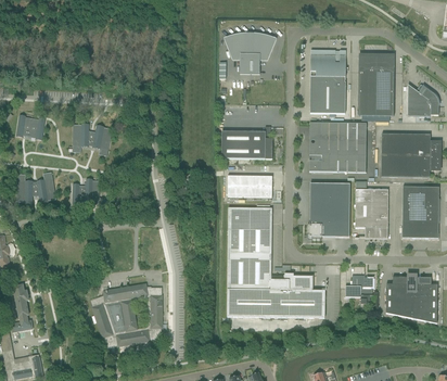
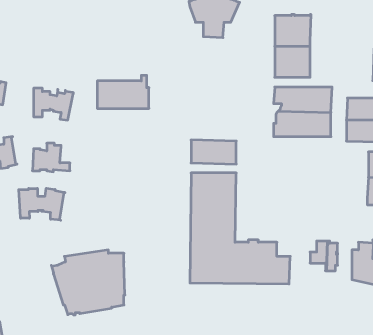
building: [358,56,394,118] -> none
building: [221,126,272,158] -> [97,75,149,108]
building: [307,182,349,239] -> none
building: [355,189,388,238] -> none
building: none -> [19,188,65,220]

